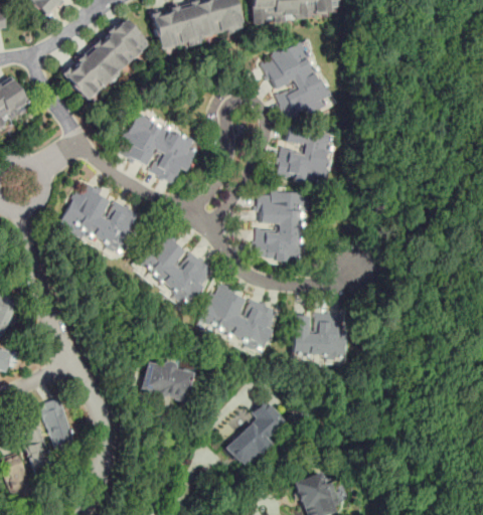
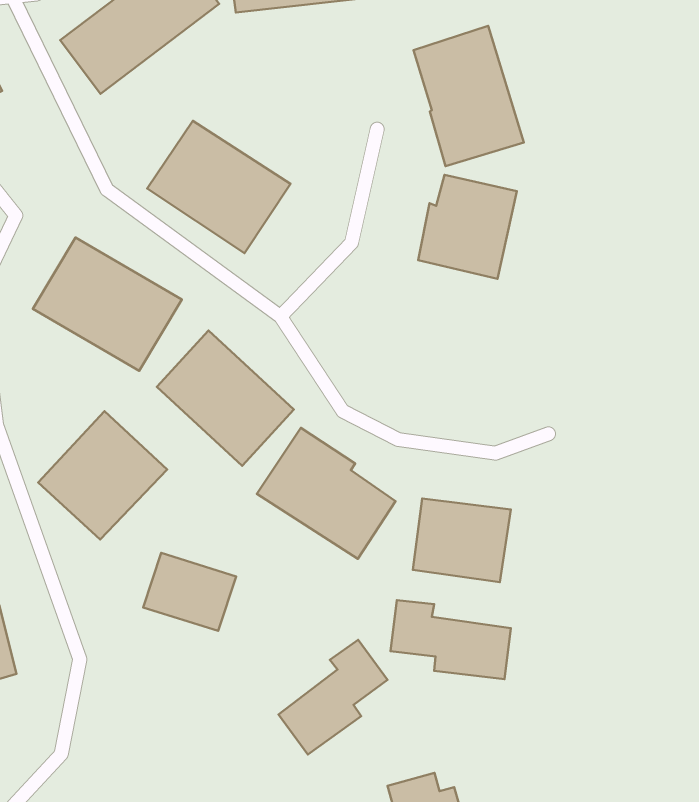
building: [254,192,303,261] -> none
building: none -> [38,411,167,539]
building: none -> [390,600,511,679]

